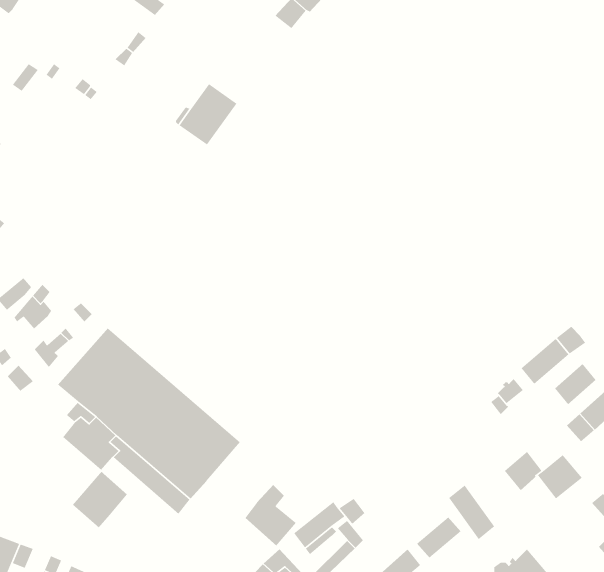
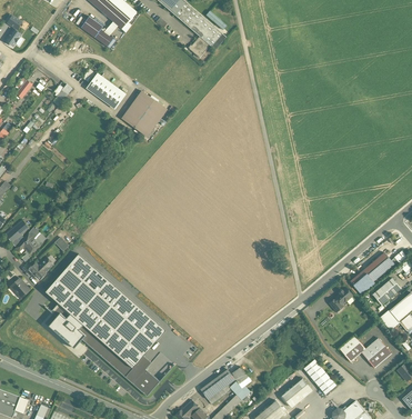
building: none -> [87,74,124,109]
building: [72,471,128,528] -> none
building: [244,484,297,546] -> [124,356,159,397]

